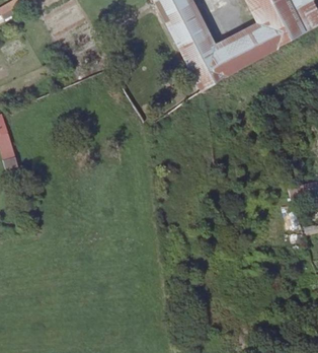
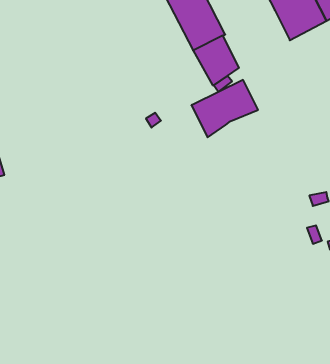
building: [213,22,271,73] -> [191,80,258,137]

